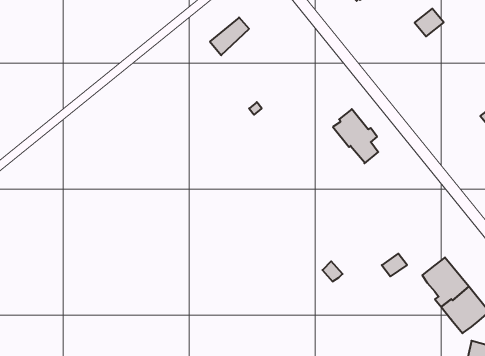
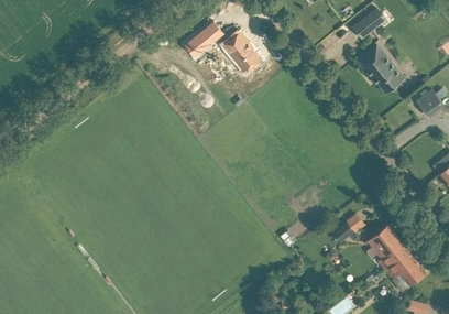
building: none -> [220,26,258,66]
building: [333,109,378,163] -> [360,46,399,94]

